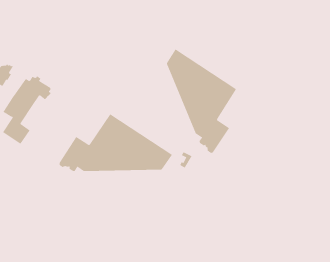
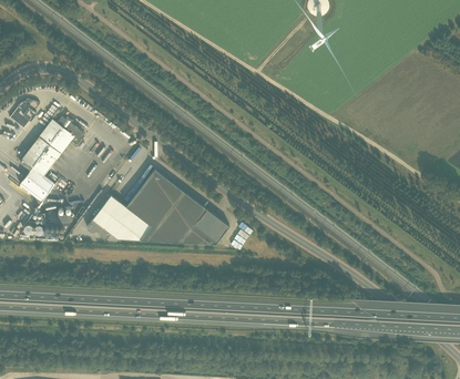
building: [166,48,237,154] -> none

